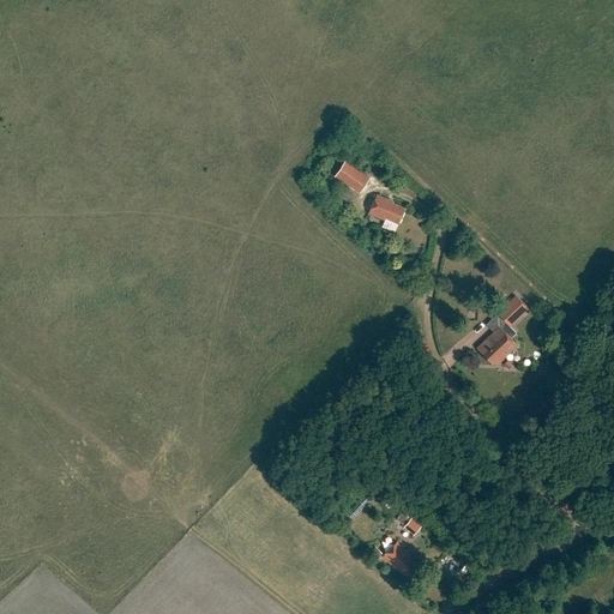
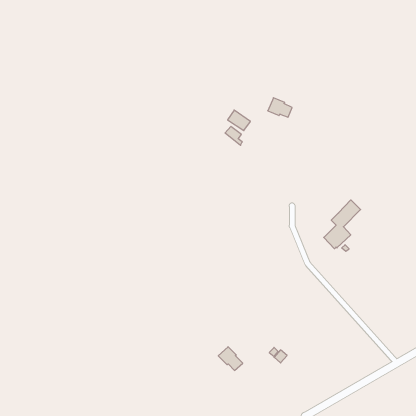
building: [368,194,404,223] -> [268,98,292,117]
building: [383,541,419,576] -> [218,347,243,370]

